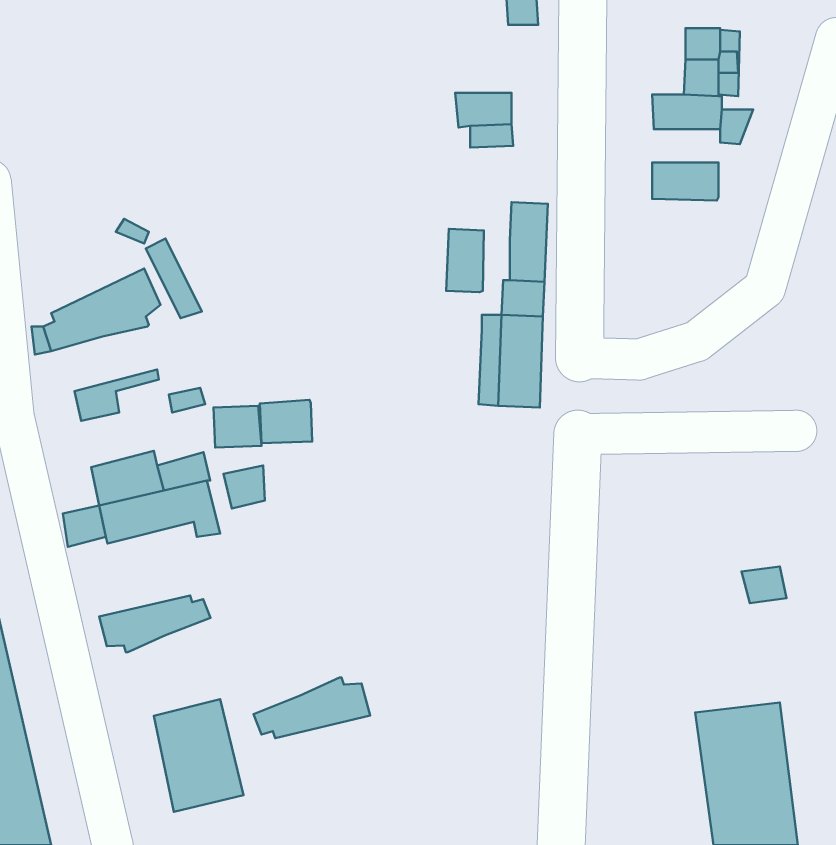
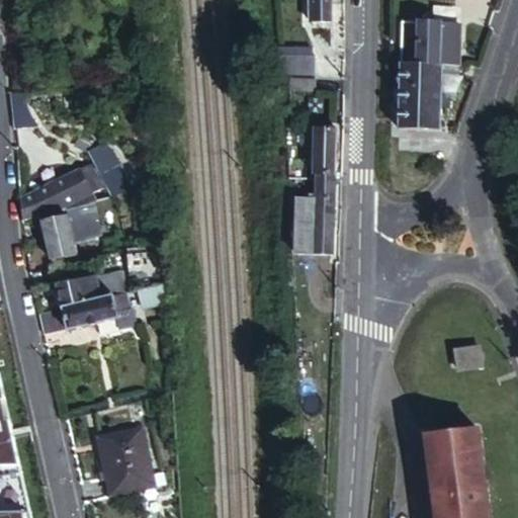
building: none -> [399,79,440,99]
building: [446,229,484,292] -> none
building: none -> [41,199,96,239]
building: [260,400,312,443] -> none
building: [99,595,211,652] -> none
building: [253,677,370,738] -> none

